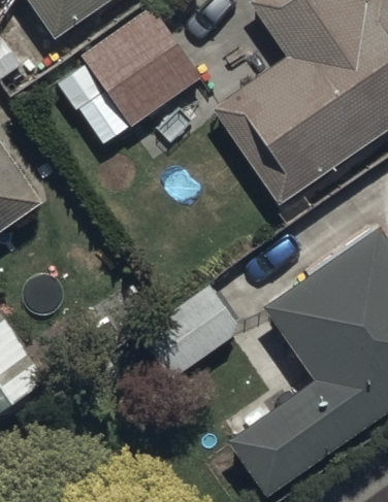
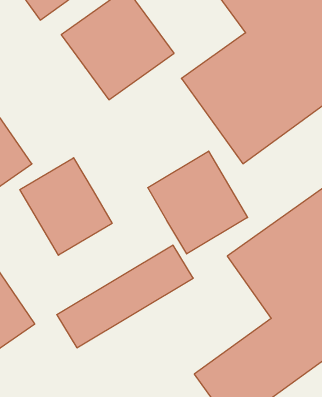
building: none -> [148,151,248,254]
building: none -> [20,158,112,255]

